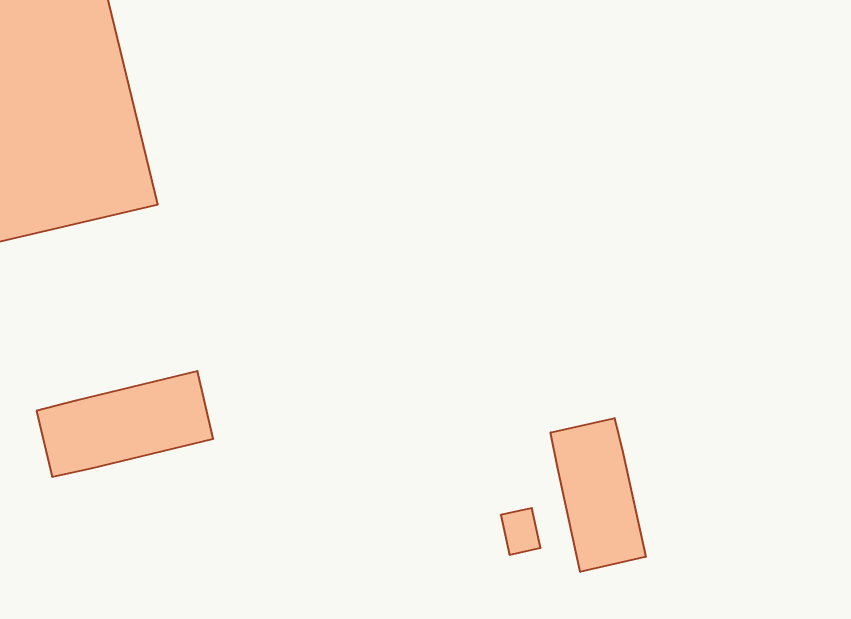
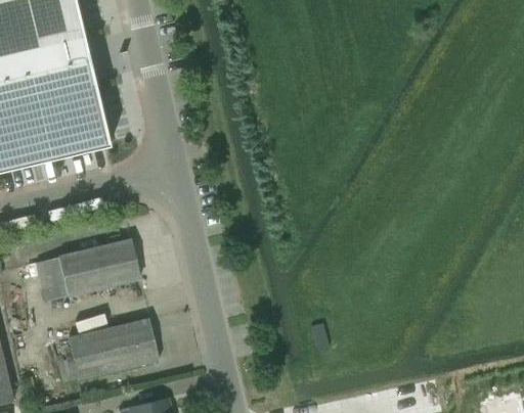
building: [551,418,646,572] -> none
building: none -> [54,318,159,381]

